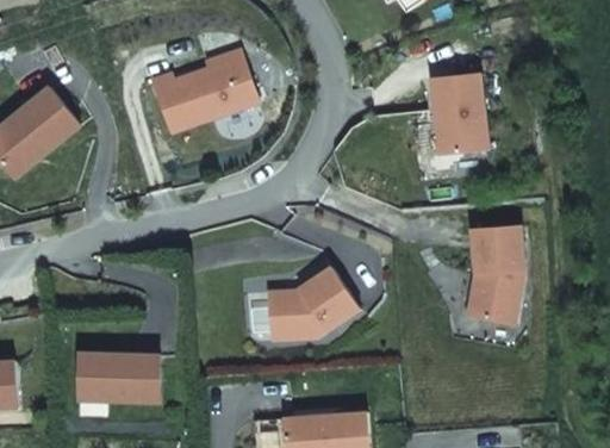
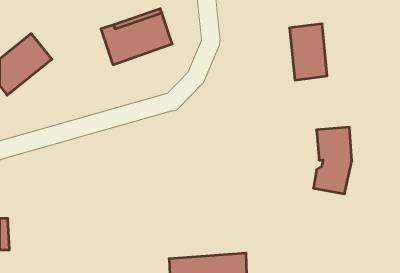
building: [267,267,359,340] -> none
building: [77,354,157,402] -> none

